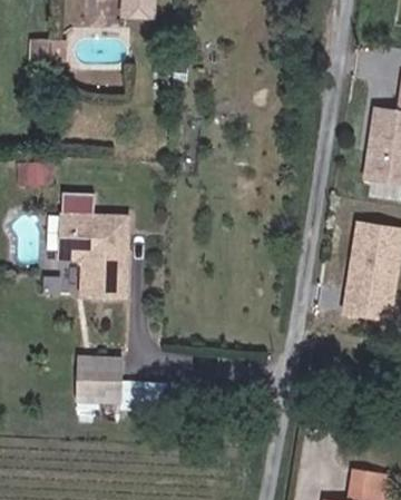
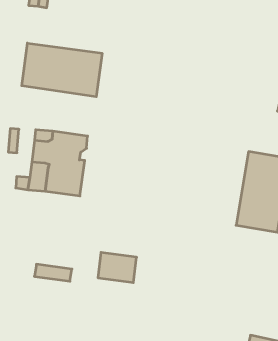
building: none -> [22,43,102,97]
building: [79,355,126,390] -> [98,252,137,283]

